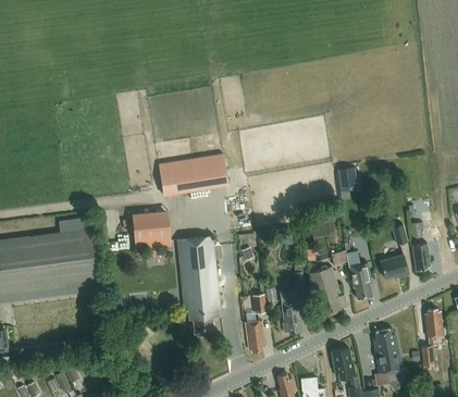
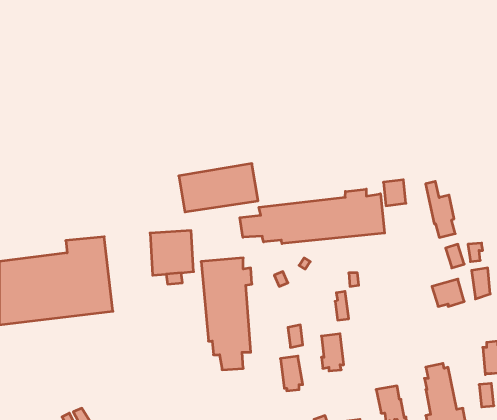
building: none -> [240,189,385,244]
building: [347,251,373,300] -> [426,181,455,237]
building: [308,268,346,318] -> none

